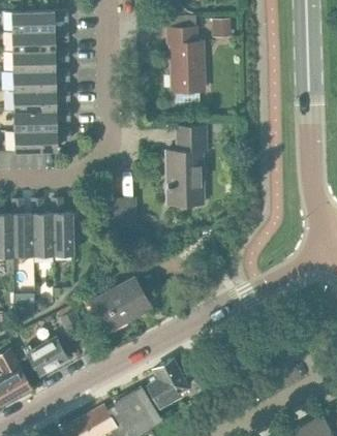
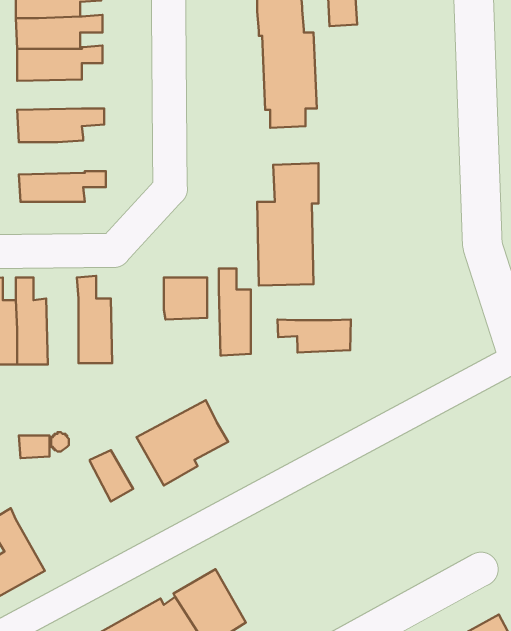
building: [13,72,69,93] -> none
building: [14,112,69,134] -> none
building: [32,200,53,256] -> [219,269,251,356]
building: none -> [278,319,351,352]
building: [24,337,69,377] -> none
building: [148,361,188,404] -> none

